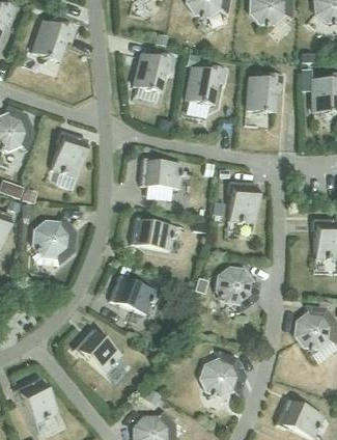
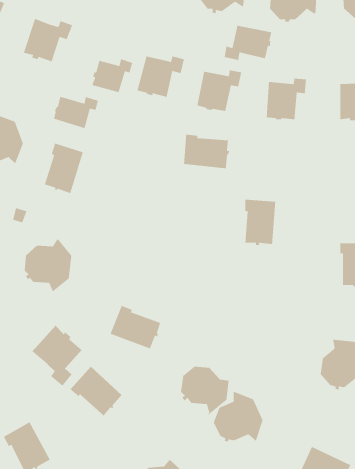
building: none -> [224,25,272,61]
building: none -> [91,58,133,93]
building: none -> [53,96,99,129]
building: [140,158,181,189] -> [183,134,230,169]
building: [131,216,173,250] -> none
building: [216,268,259,311] -> [180,366,230,415]
building: none -> [32,325,83,387]

